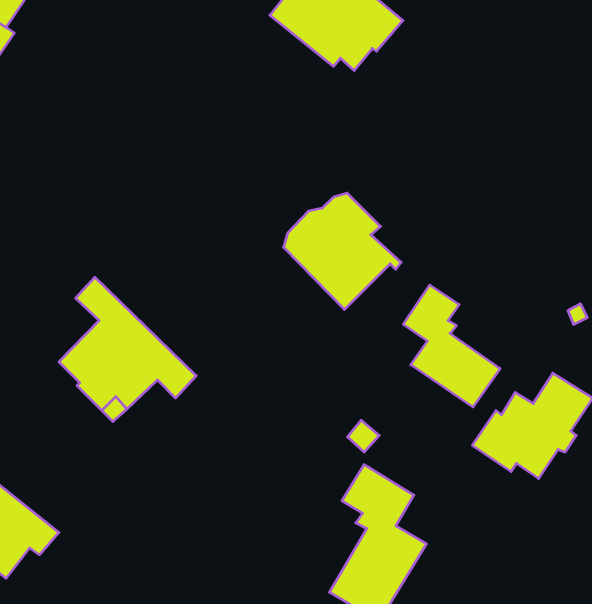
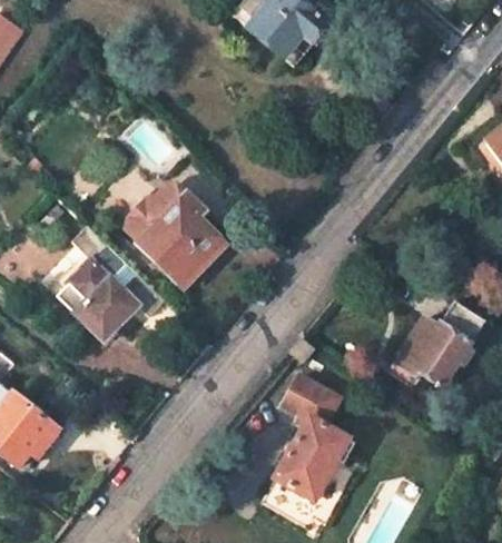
building: [283,193,401,310] -> [126,184,220,277]
building: [403,285,500,407] -> none

